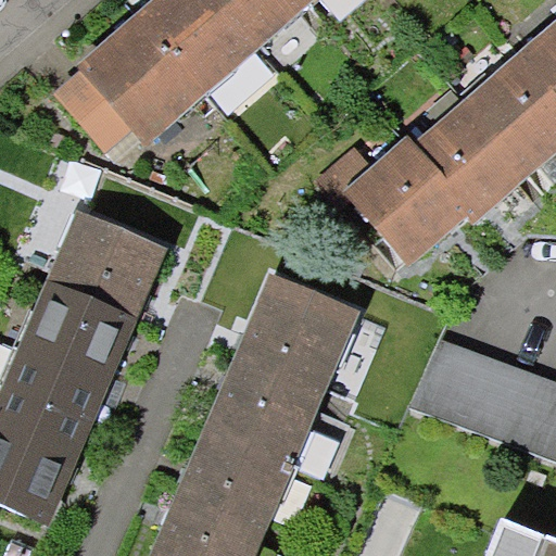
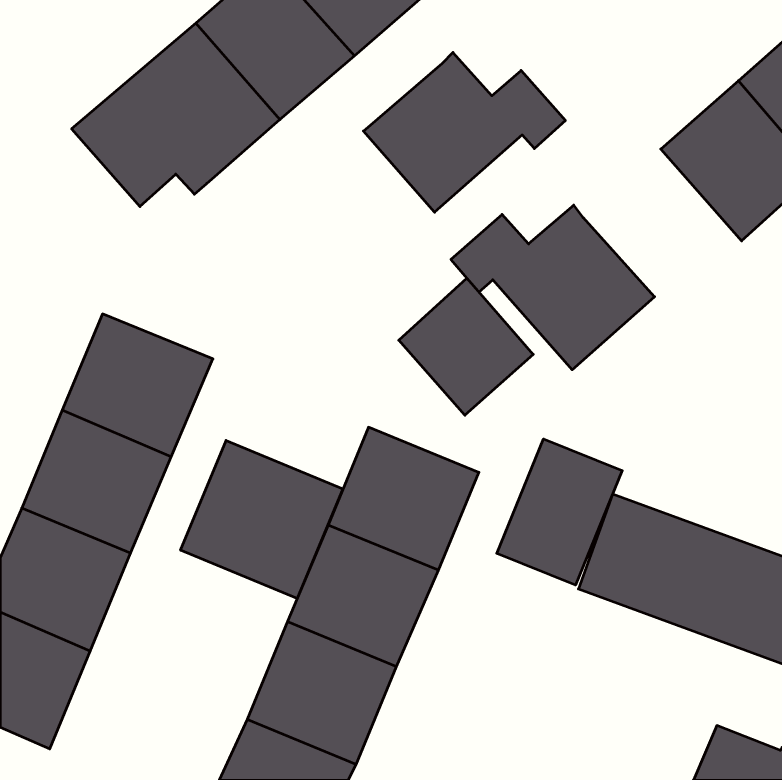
building: none -> [363,52,565,212]
building: [416,104,527,216] -> none
building: none -> [399,278,533,415]
building: none -> [497,439,622,585]
building: none -> [181,440,343,599]

